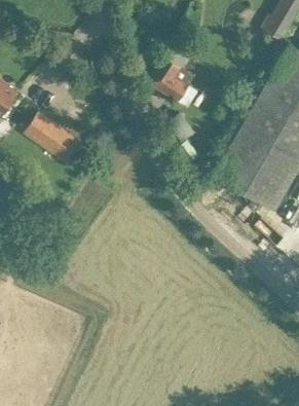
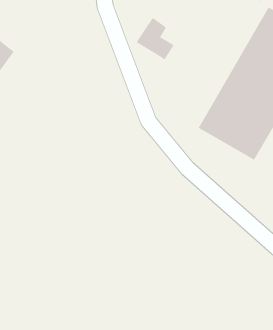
building: [25,113,82,163] -> none

